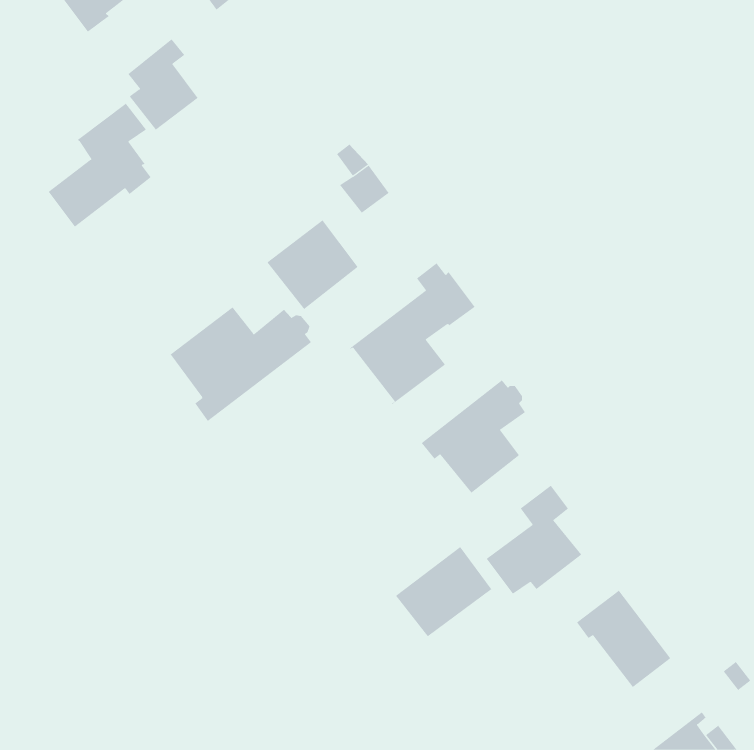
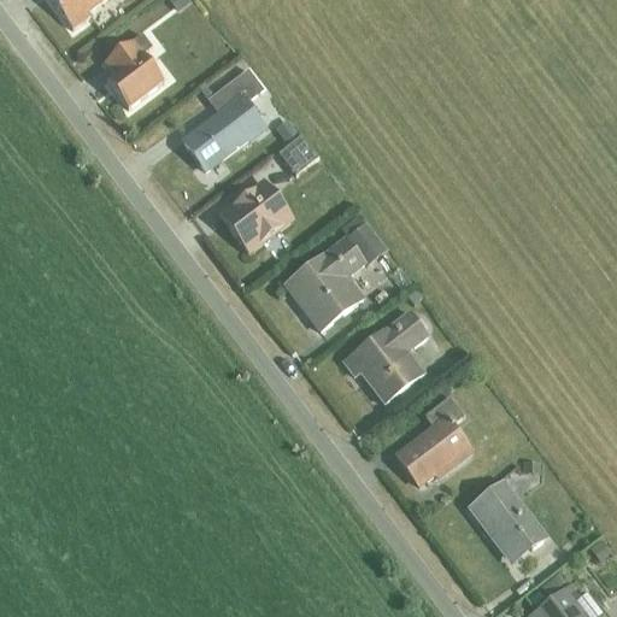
building: [48,103,151,227] -> [182,67,266,169]
building: [170,306,312,422] -> none
building: [395,546,492,637] -> none

